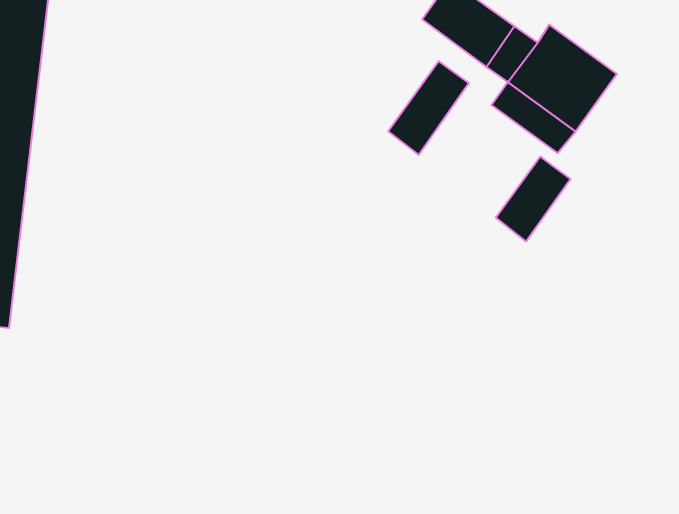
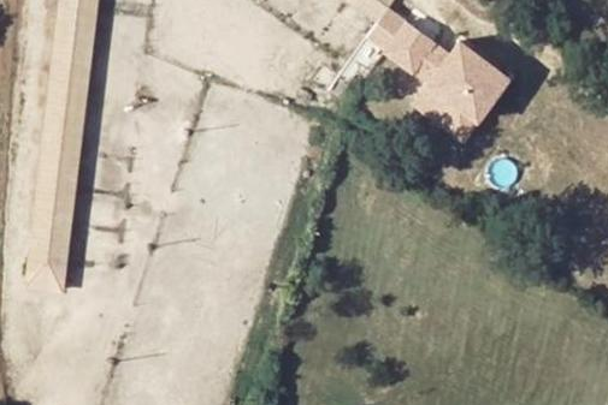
building: [388,61,469,155] -> none
building: [496,157,571,241] -> none

